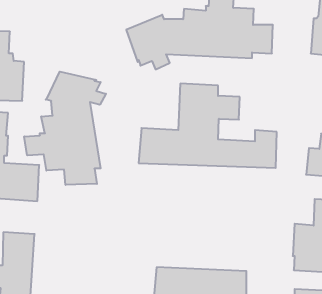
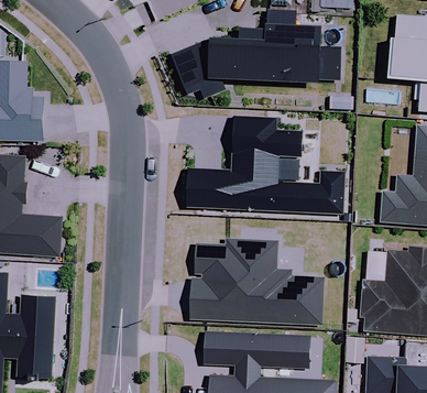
building: [24,72,106,185] -> none
building: none -> [190,238,325,325]

